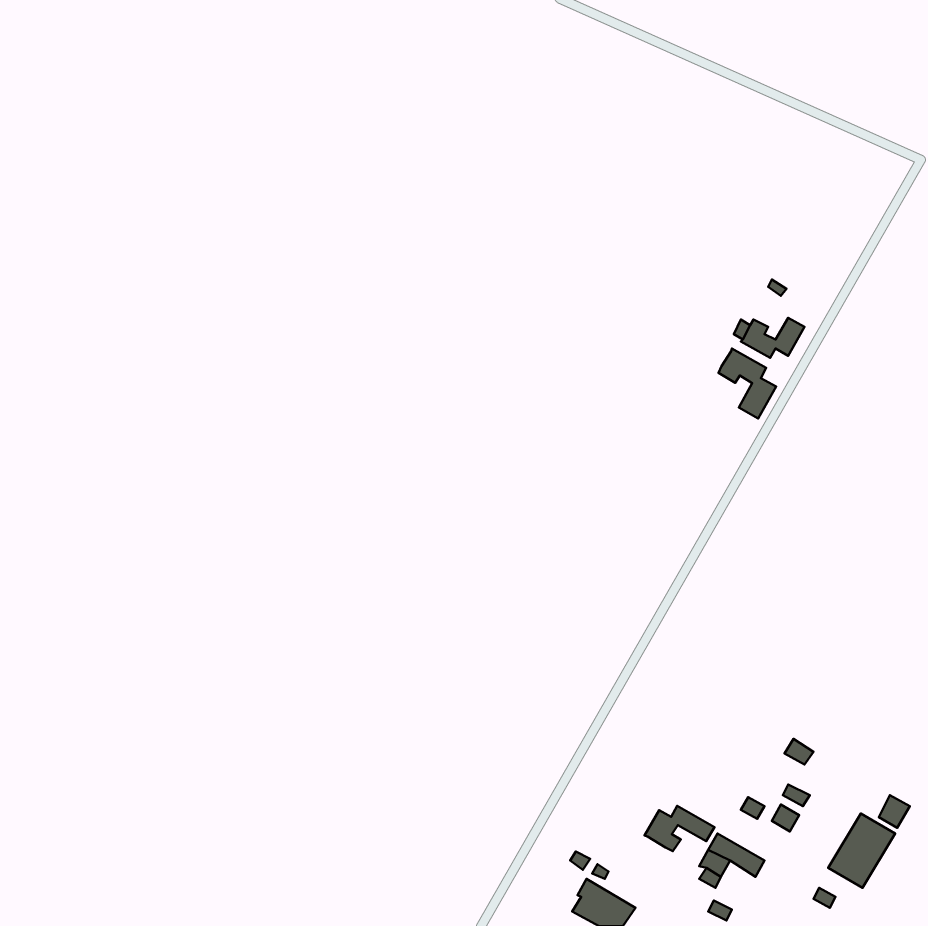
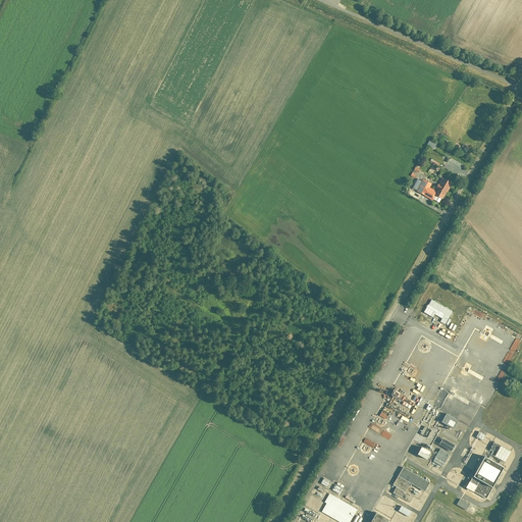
building: [719,348,776,418] -> none
building: [645,806,714,851] -> none

